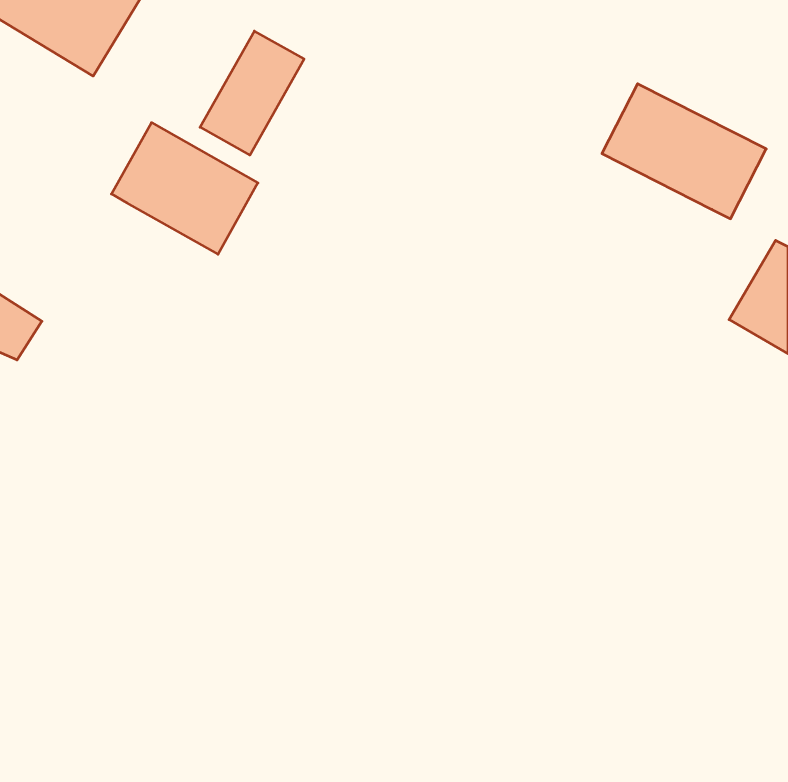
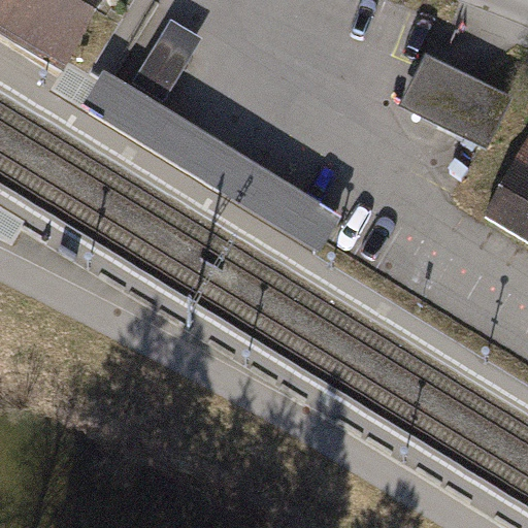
building: [111,123,258,254] -> none

